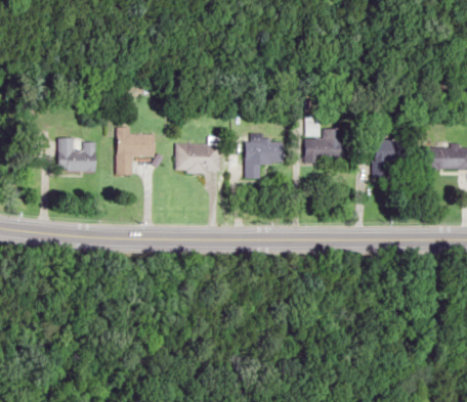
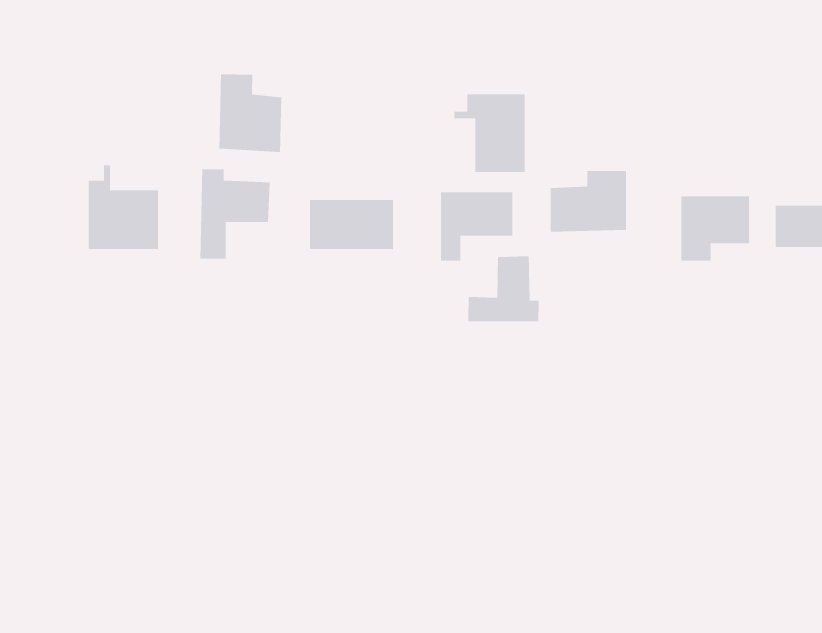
building: none -> [219,74,282,153]
building: none -> [454,94,525,173]
building: none -> [468,256,539,322]

